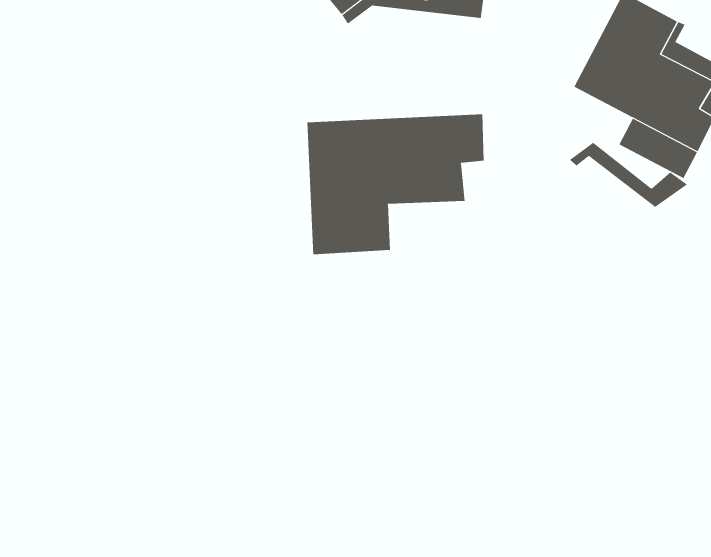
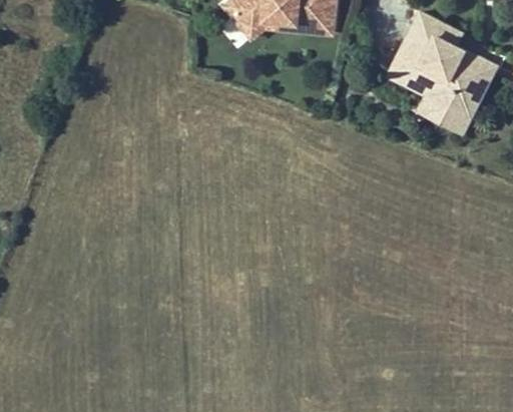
building: [307,113,484,255] -> none
building: [569,142,688,208] -> none

